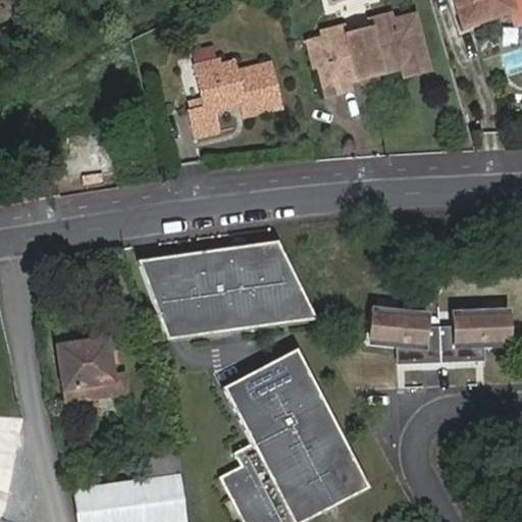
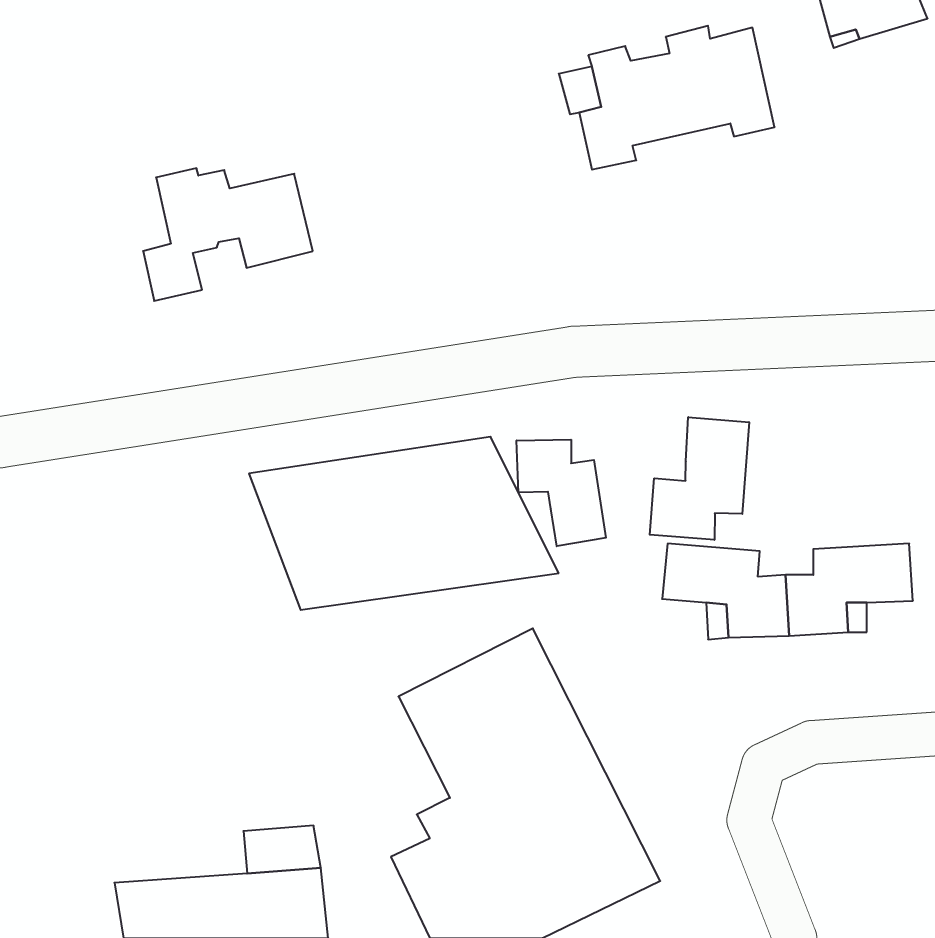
building: [192,63,285,137] -> [143,168,313,301]
building: none -> [650,417,749,540]
building: none -> [517,440,606,546]
building: [58,336,129,413] -> none

